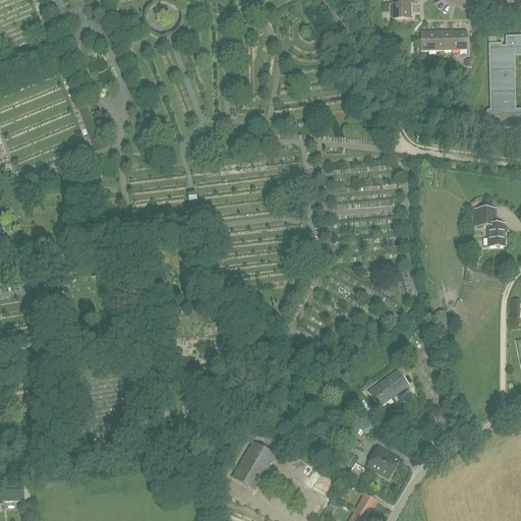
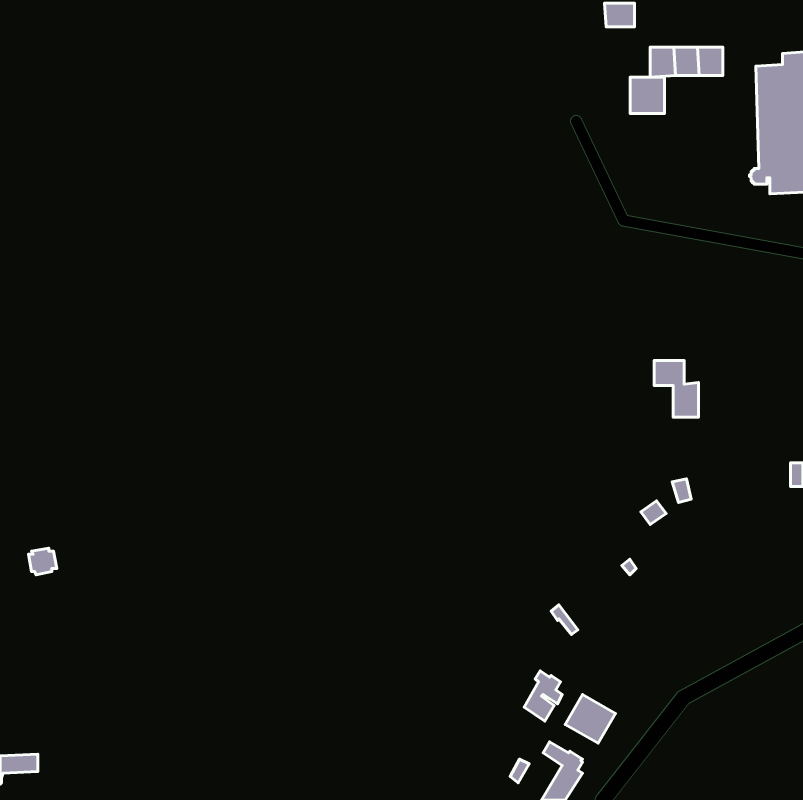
building: none -> [630,77,665,113]
building: [476,208,505,244] -> [654,360,698,417]
building: [368,368,409,405] -> none
building: [233,440,276,489] -> none

